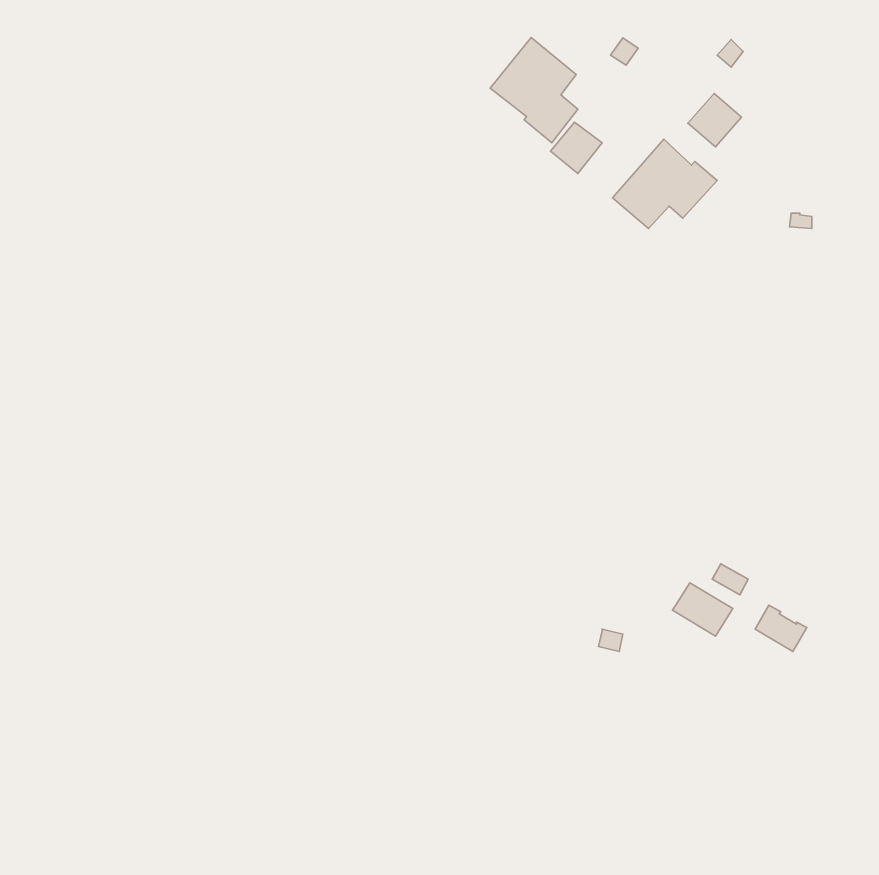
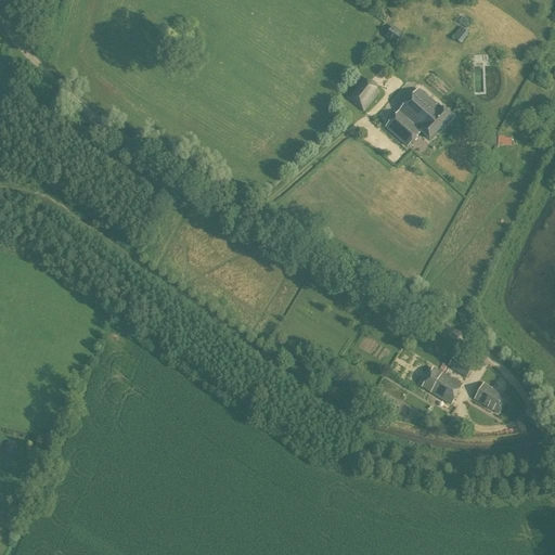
building: [490,37,578,143] -> none
building: [688,94,742,147] -> none

